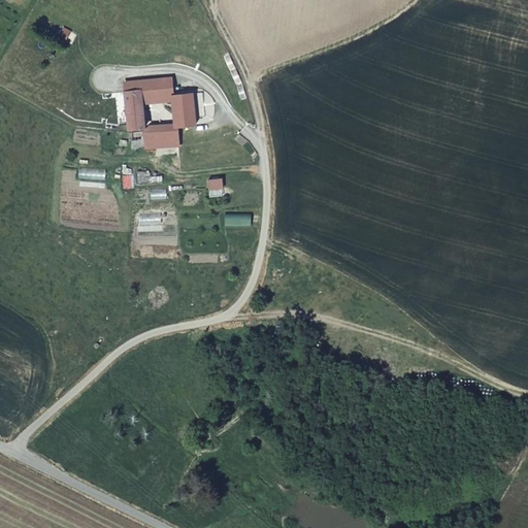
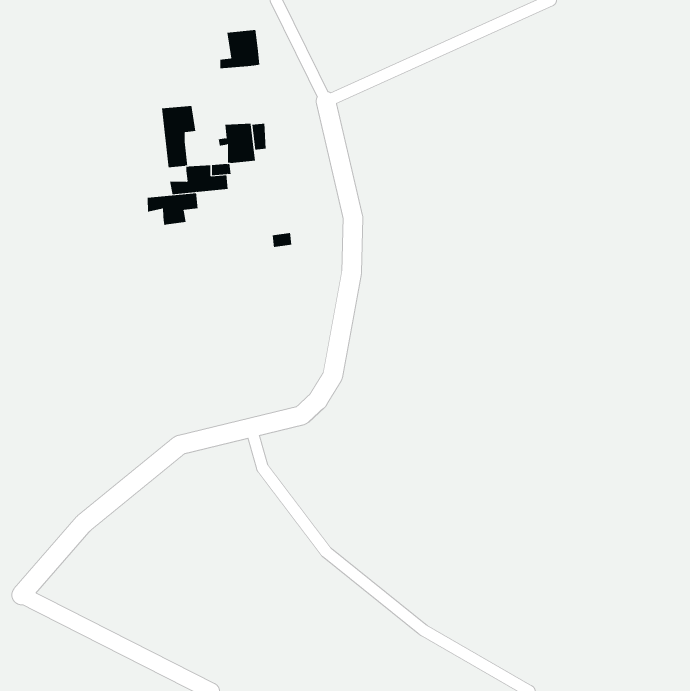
building: [142,78,173,108] -> [220,30,260,69]
building: none -> [147,192,198,226]

